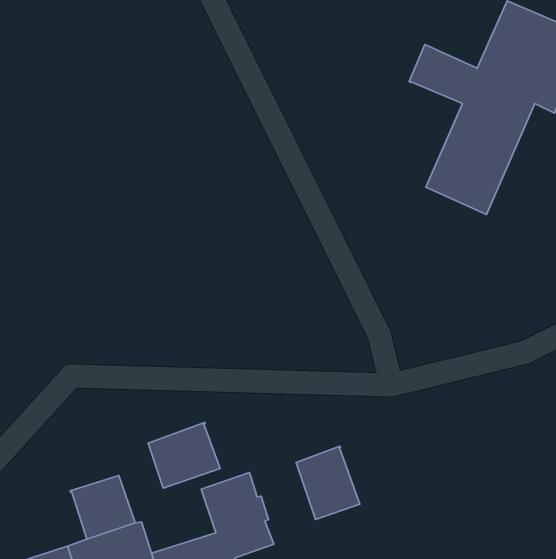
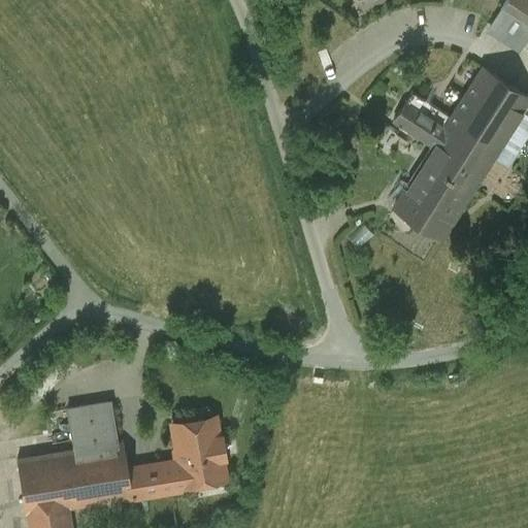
building: [148,423,220,488] -> none
building: [296,446,360,520] -> none

